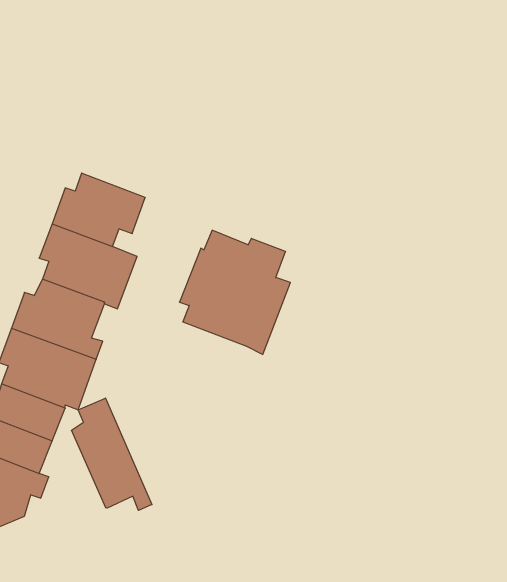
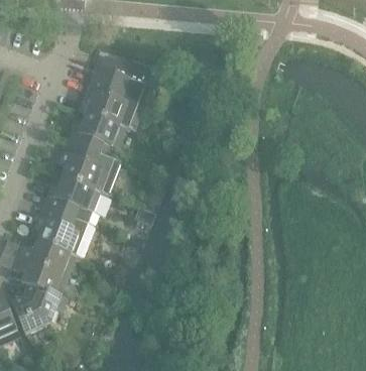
building: [179,230,290,354] -> [82,54,150,131]
building: [72,398,152,510] -> none

